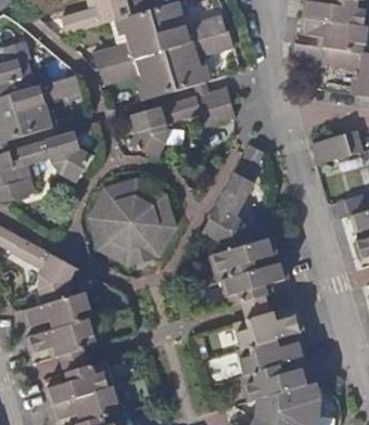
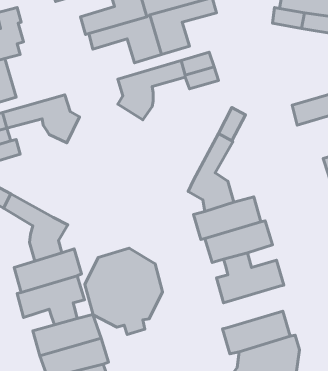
building: [12,76,80,134] -> none
building: [91,180,173,270] -> [85,248,163,335]
building: [238,332,307,375] -> none

